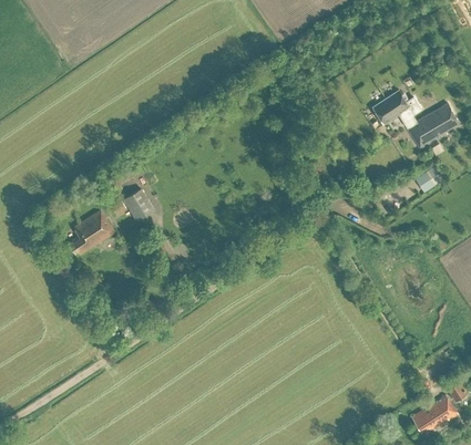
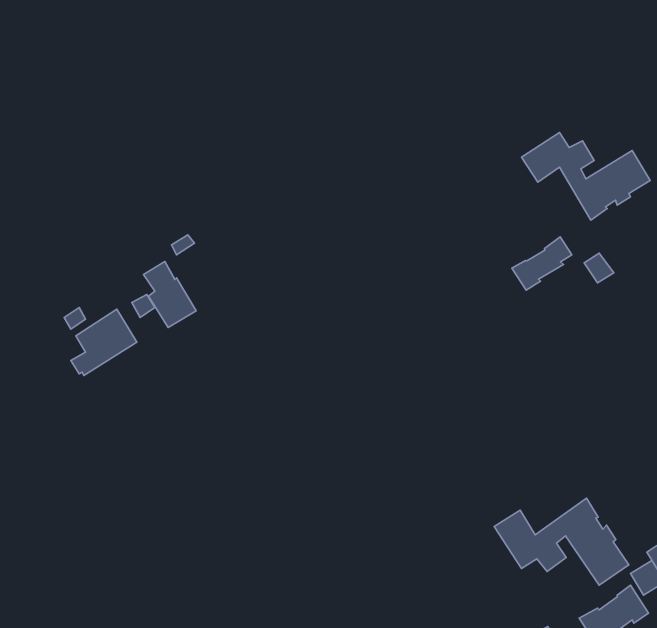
building: none -> [512,237,572,290]
building: none -> [494,498,629,585]

